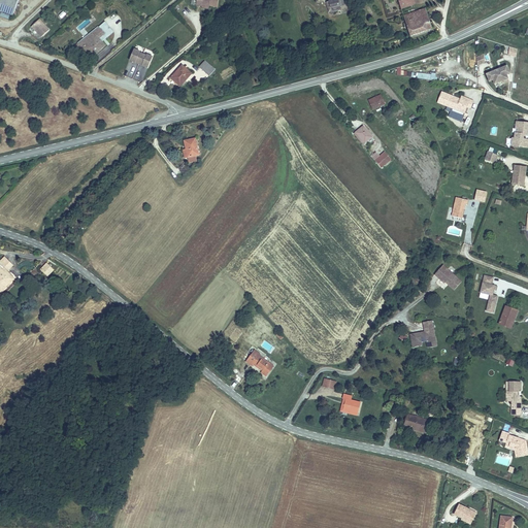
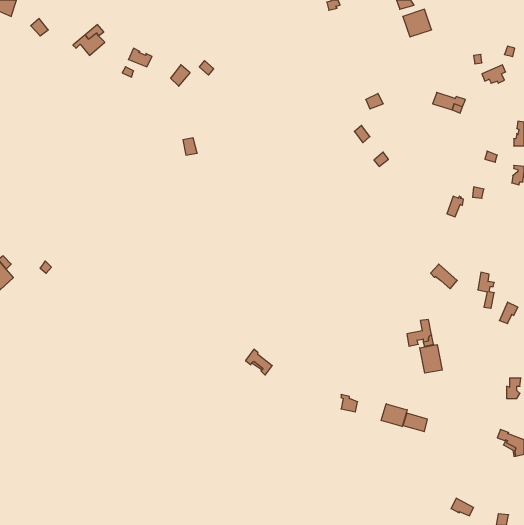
building: none -> [420,345,442,373]
building: none -> [381,404,407,427]

